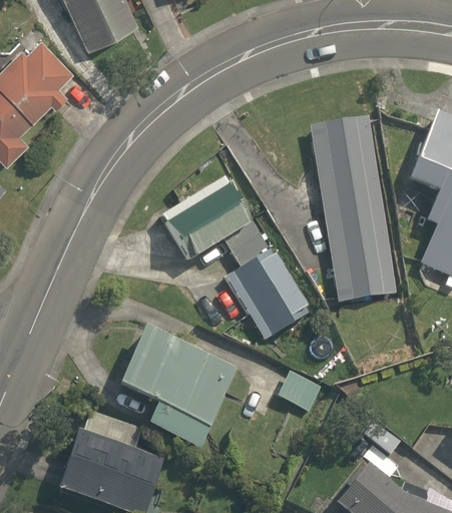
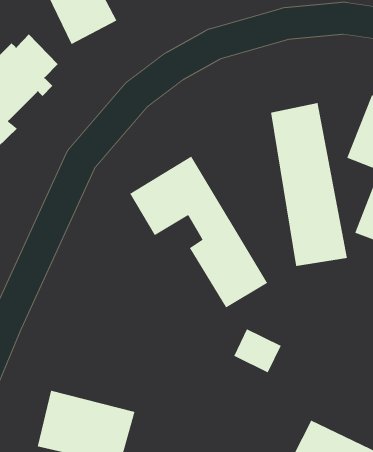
building: [112,327,240,455] -> none

